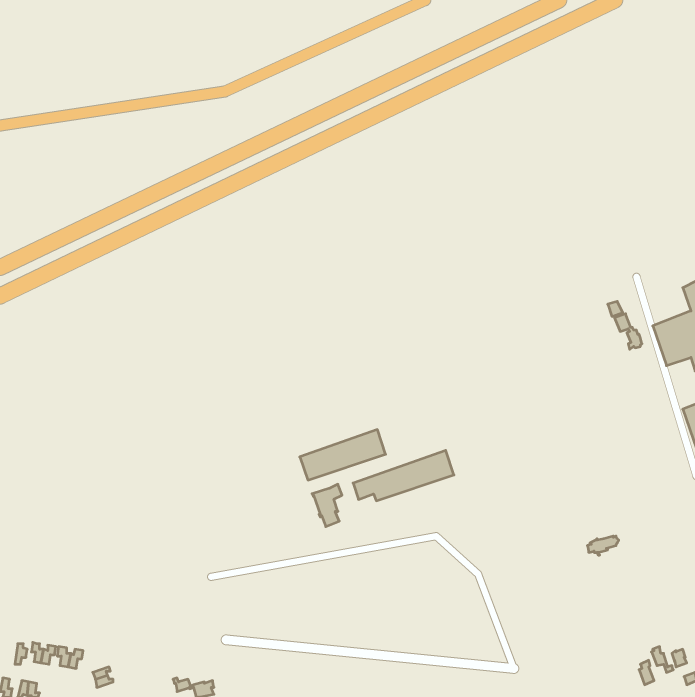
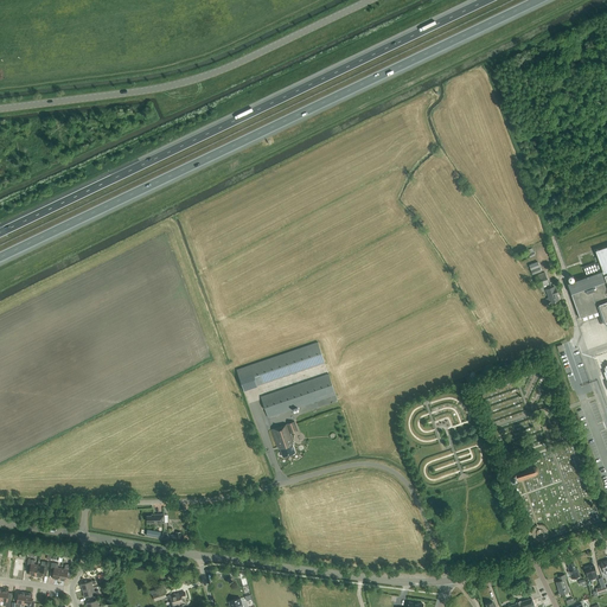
building: [353,450,454,501] -> [238,341,326,385]

